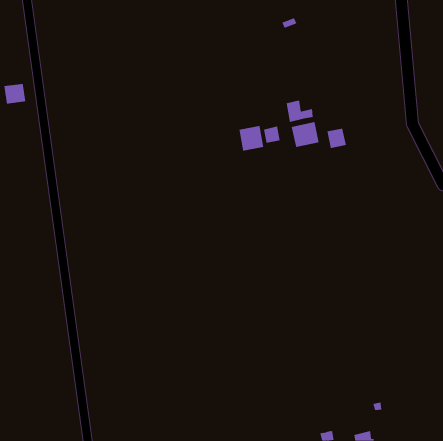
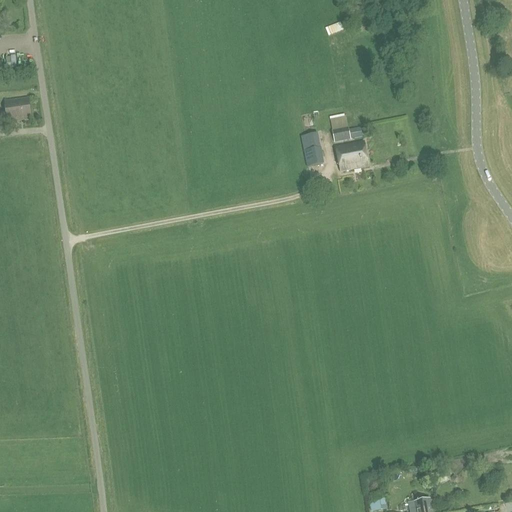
building: [239,125,264,151] -> none
building: [327,128,346,149] -> none

